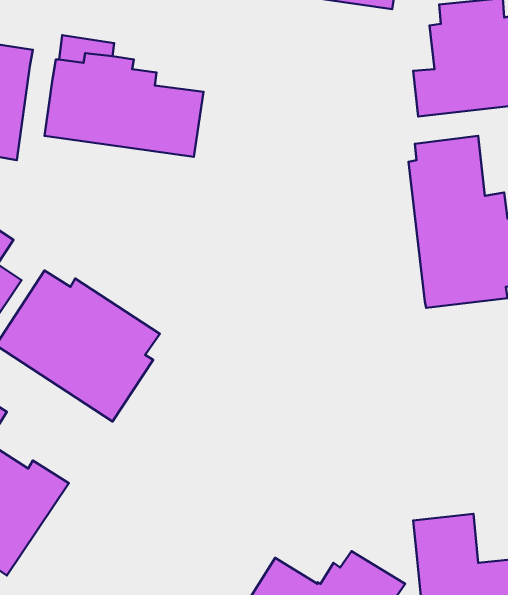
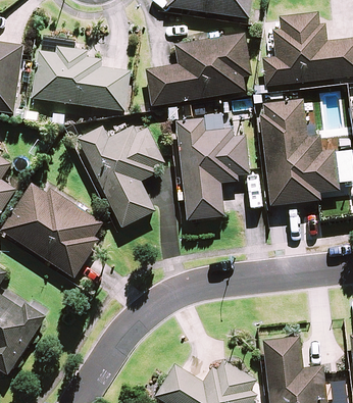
building: none -> [145,33,252,106]
building: none -> [174,117,249,219]
building: none -> [77,124,164,228]

